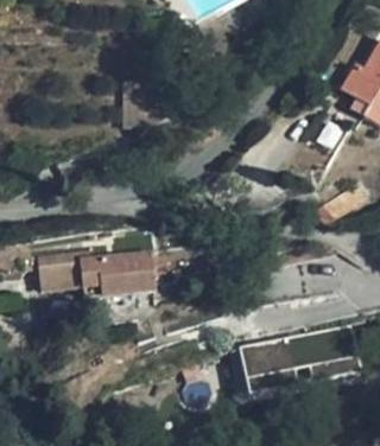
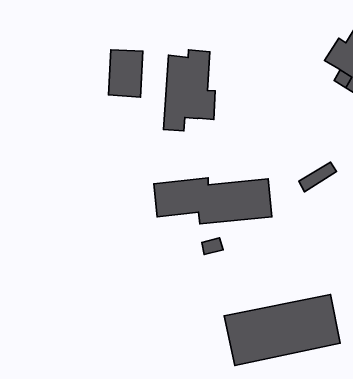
building: none -> [163,50,215,131]
building: [36,247,154,293] -> [154,178,272,224]

